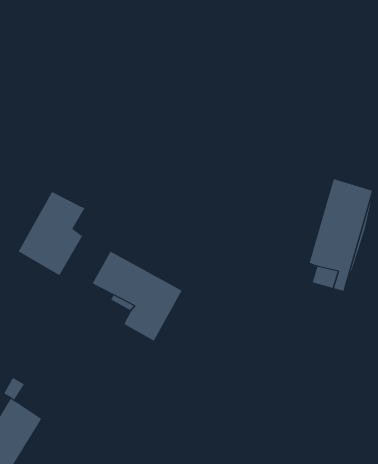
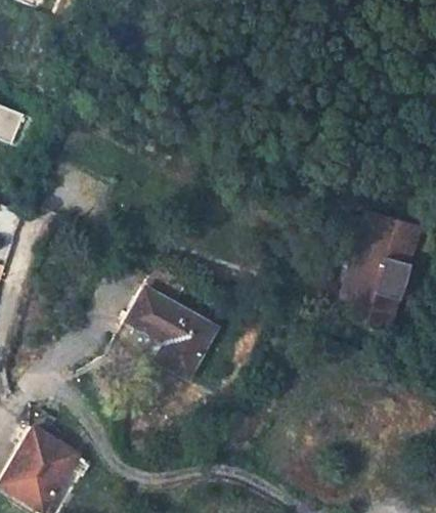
building: [18,191,85,276] -> none

